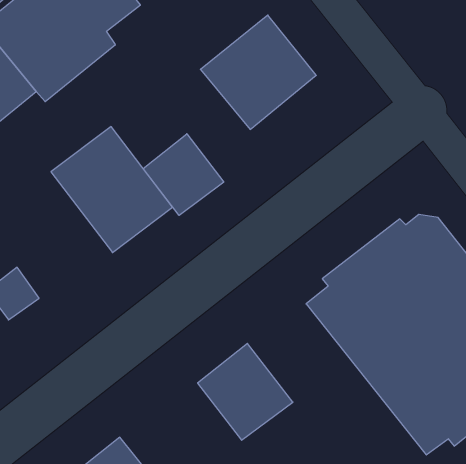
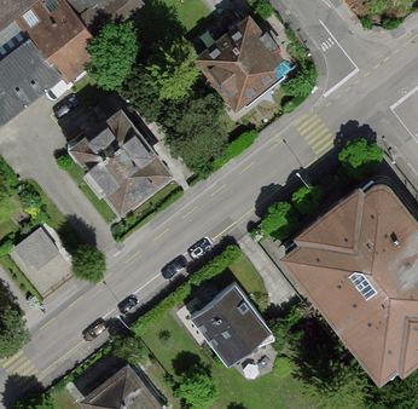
building: [143,134,224,215] -> none

